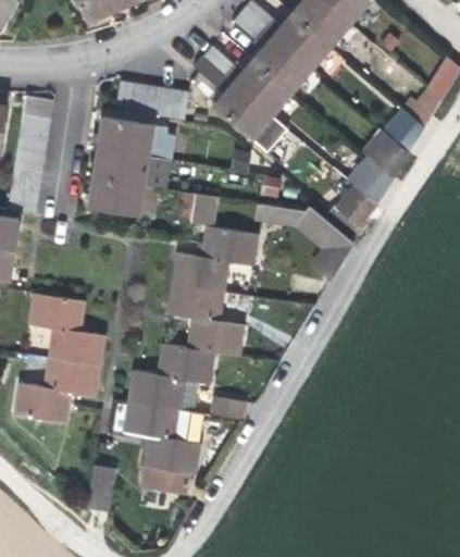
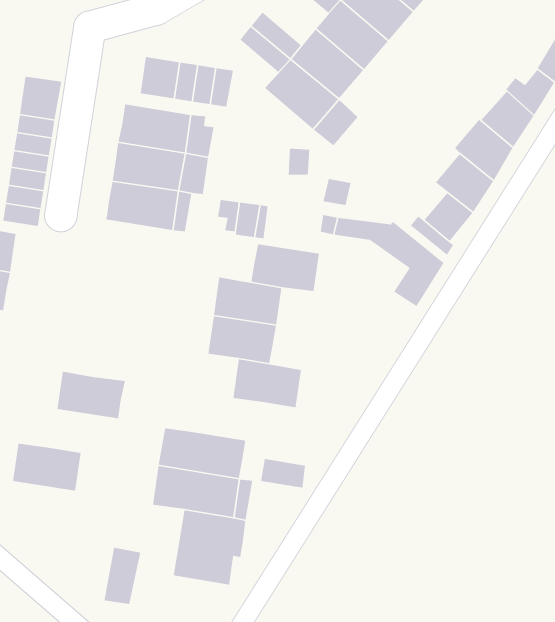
building: [29,292,84,331] -> none
building: [159,344,213,383] -> none
building: [45,357,99,395] -> none

